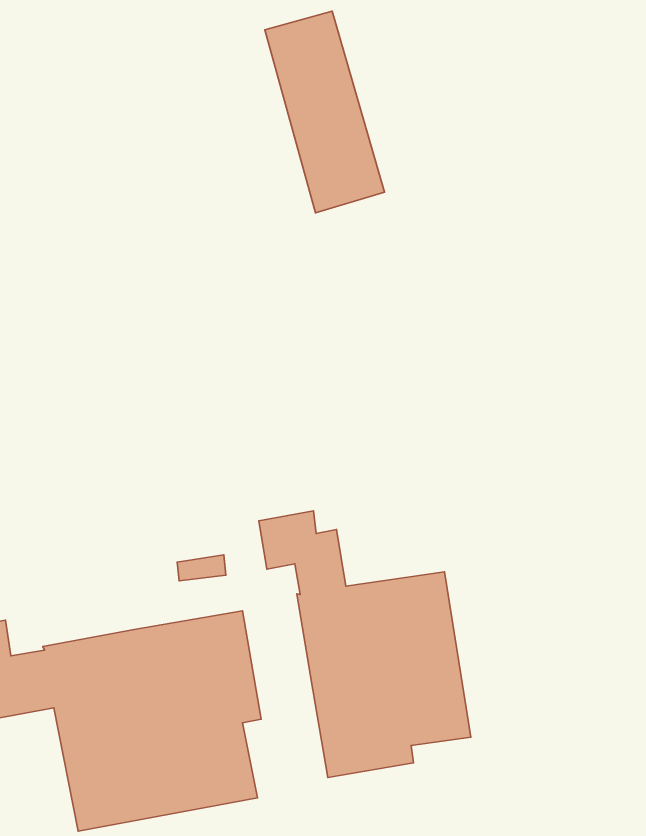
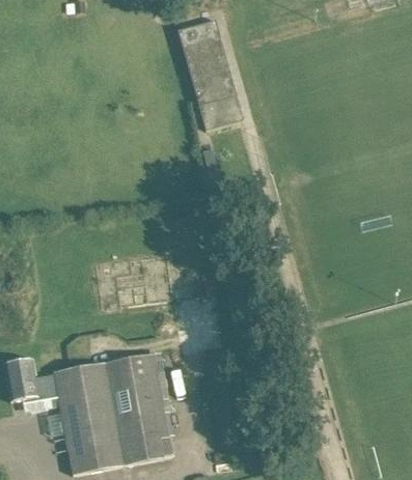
building: [259,511,471,778] -> none

